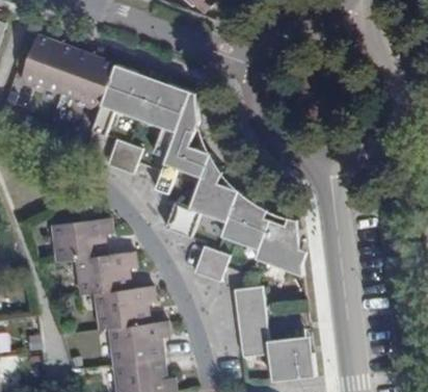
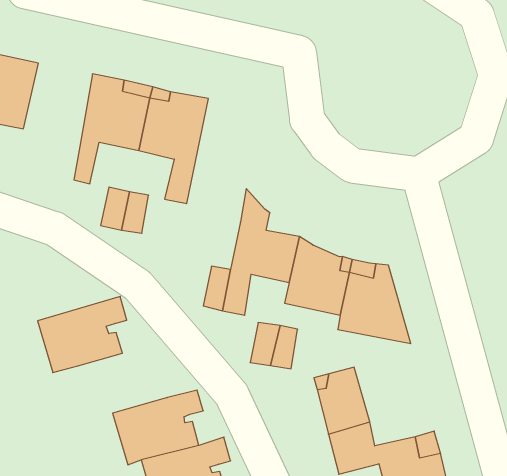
building: [63,50,115,110] -> none
building: [155,82,208,194] -> none
building: [77,250,138,294] -> none

